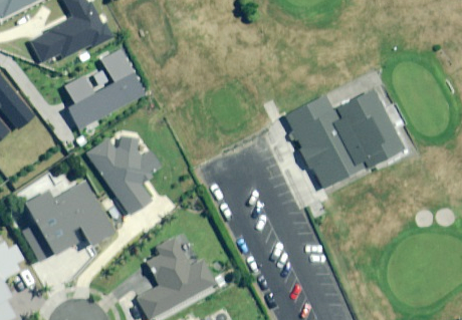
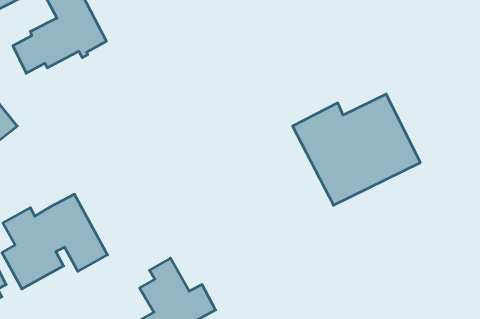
building: [63,50,144,129] -> none
building: [88,135,163,216] -> none

